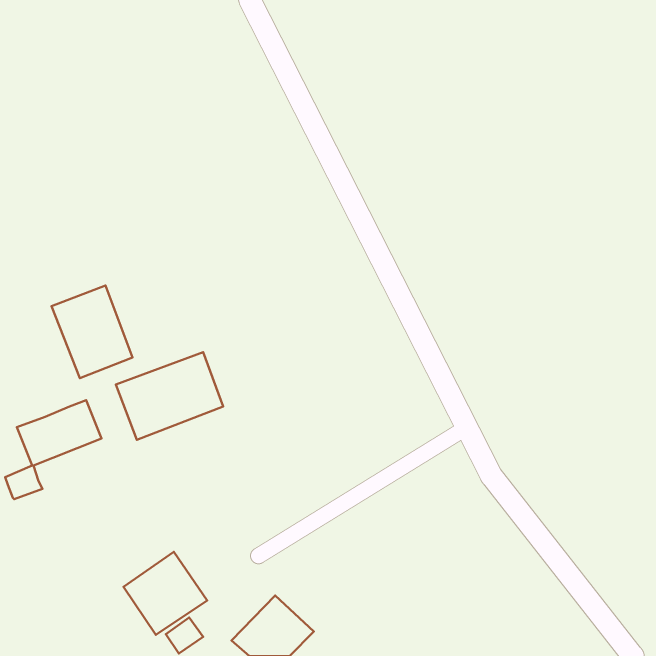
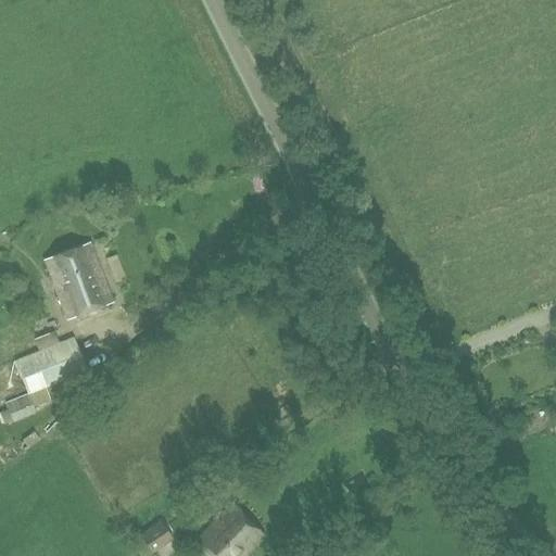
building: [116,352,223,440] -> none
building: [124,552,207,635] -> none

